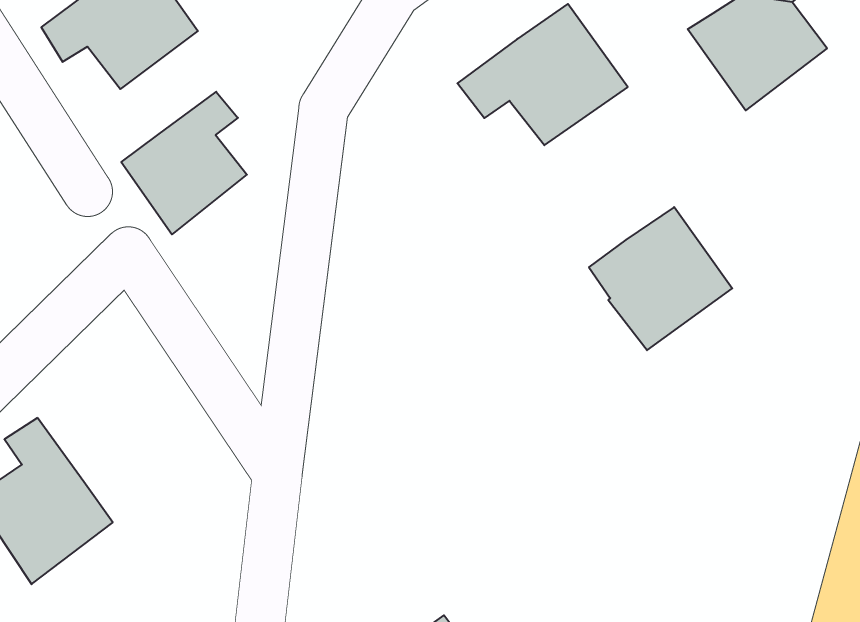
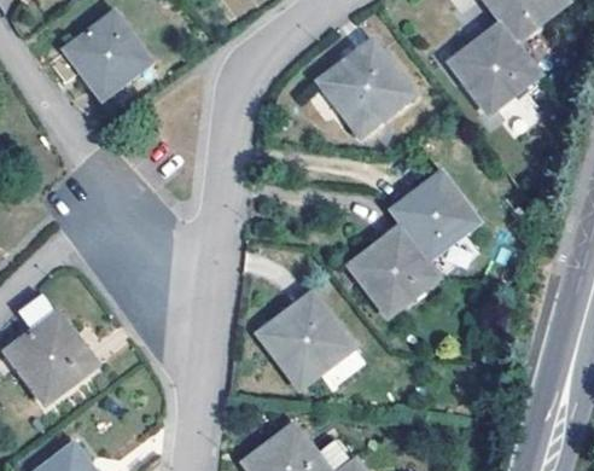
building: [121,92,247,234] -> none
building: none -> [353,226,438,312]
building: none -> [263,290,355,380]

